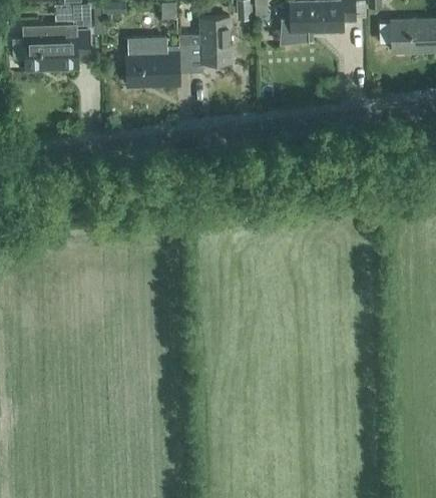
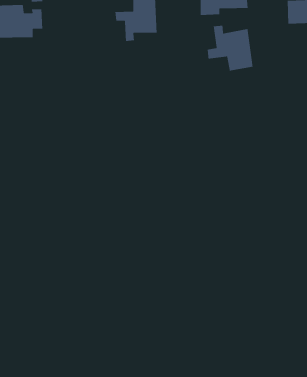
building: [125,38,190,86] -> none
building: none -> [207,25,253,72]

